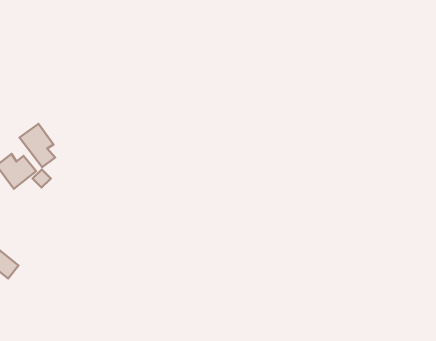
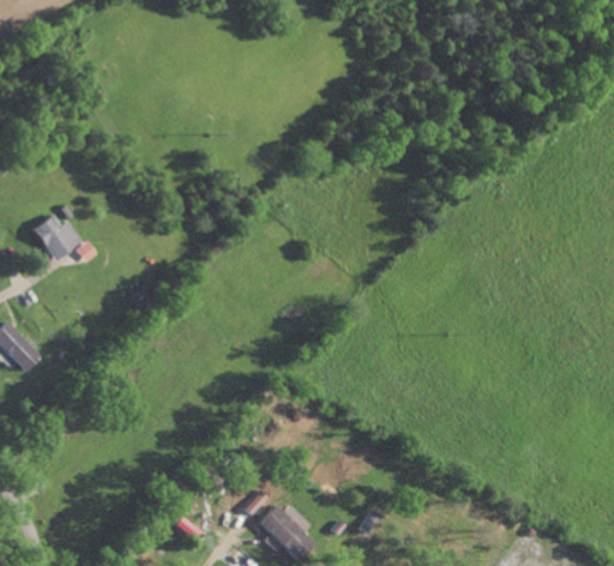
building: [20,124,55,167] -> none

